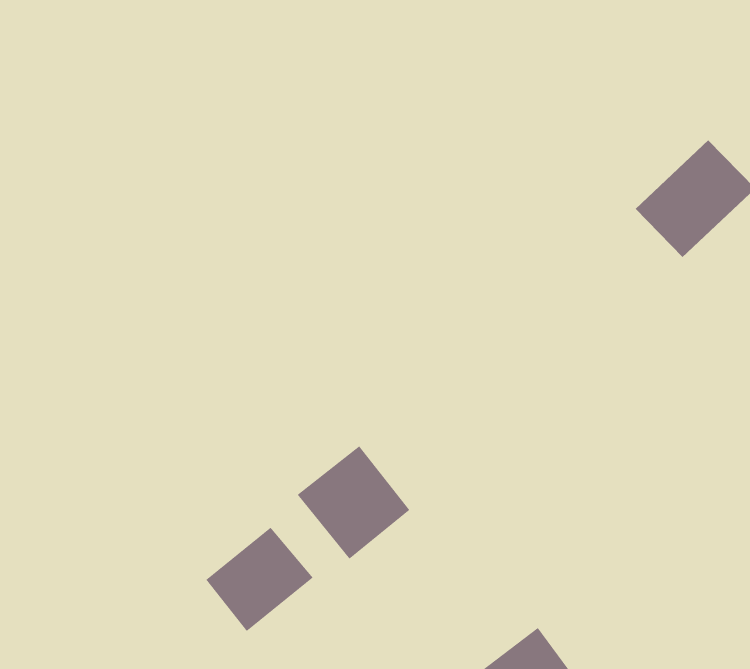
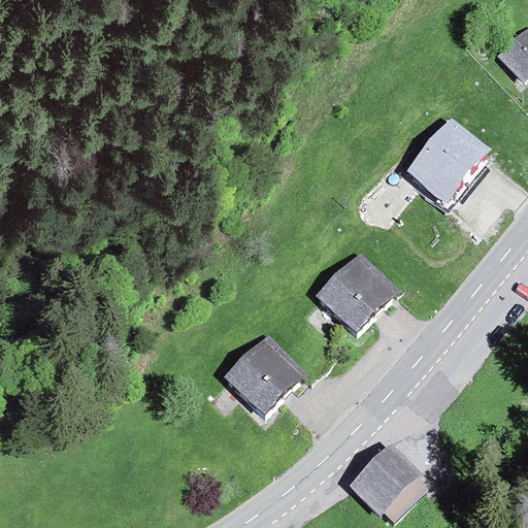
building: none -> [318,257,392,331]
building: [206,527,314,632] -> none

